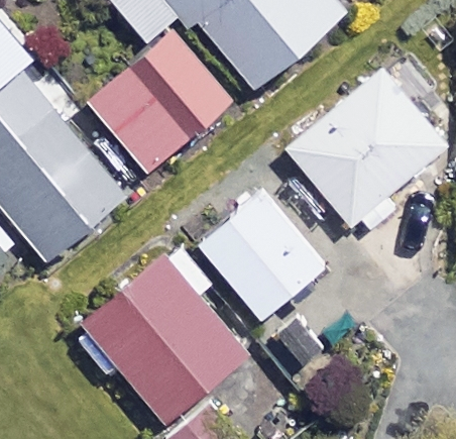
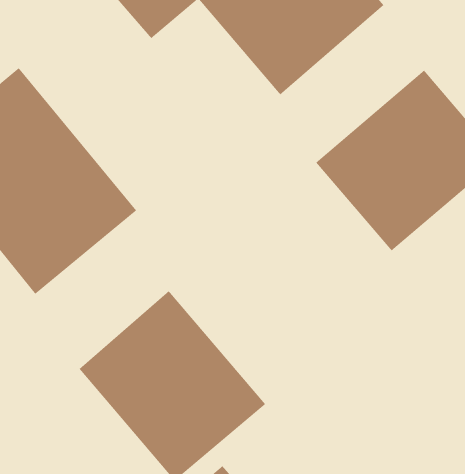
building: [88,31,231,173] -> none
building: [198,192,324,319] -> none

